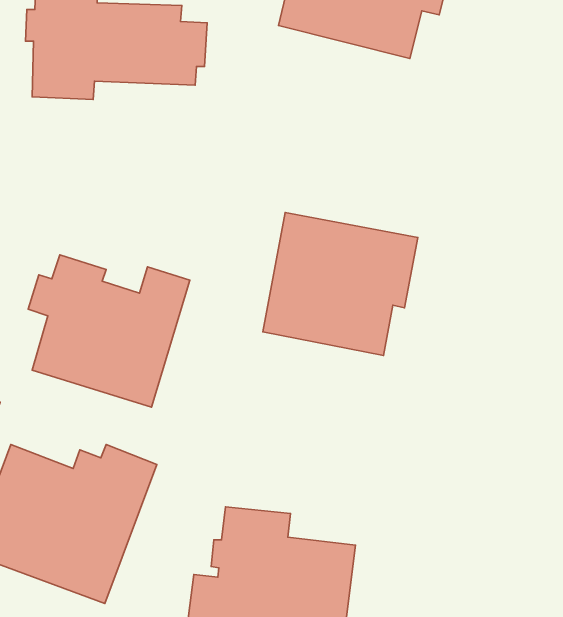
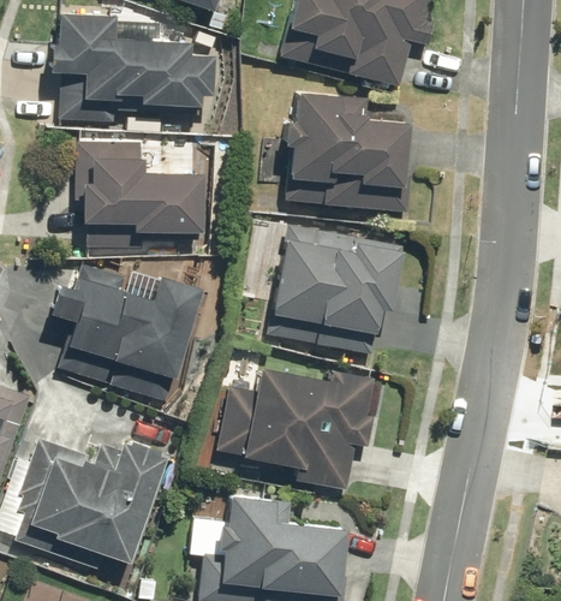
building: none -> [284,89,414,212]
building: none -> [73,142,205,248]
building: none -> [215,367,376,490]

